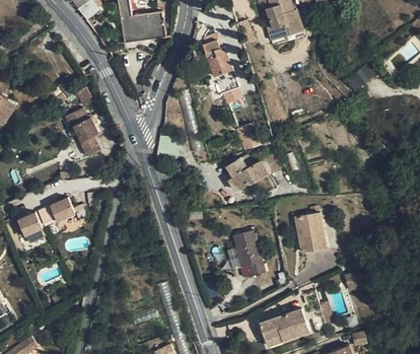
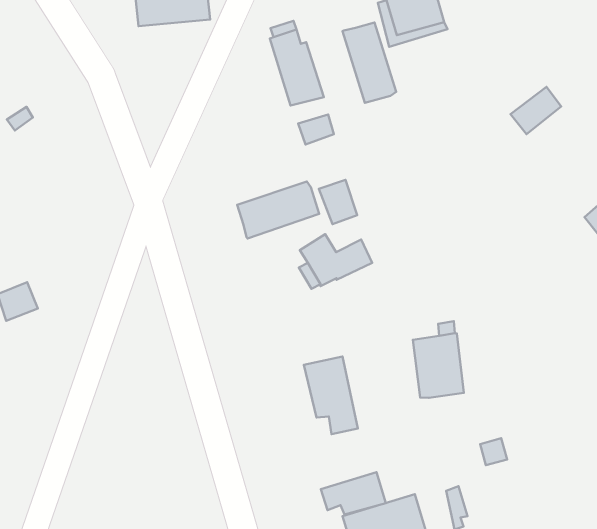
building: none -> [343,22,396,103]
building: [65,108,99,156] -> none
building: none -> [237,181,319,238]
building: none -> [321,472,386,514]

